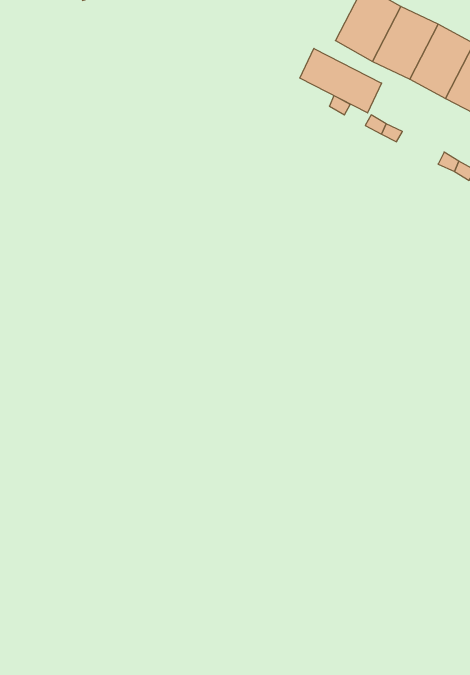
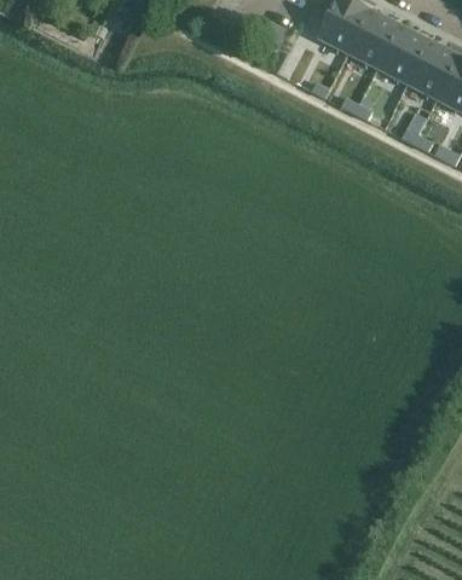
building: [300,48,382,113] -> none

